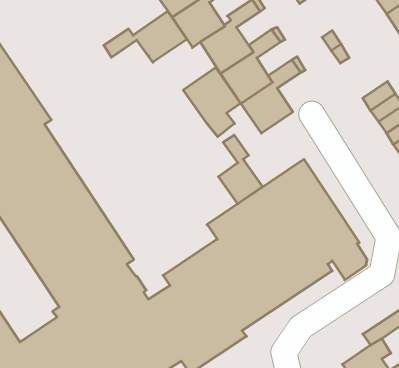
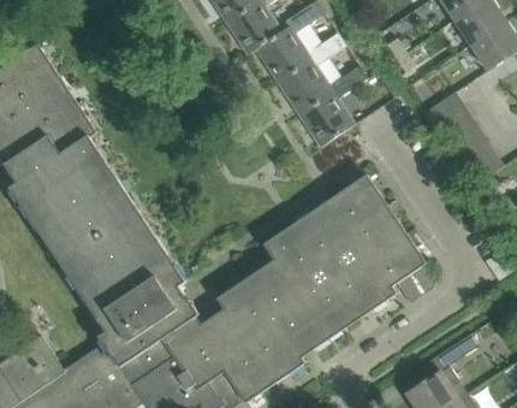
building: [104,11,187,62] -> none
building: [183,67,241,137] -> none
building: [218,135,262,204] -> none

